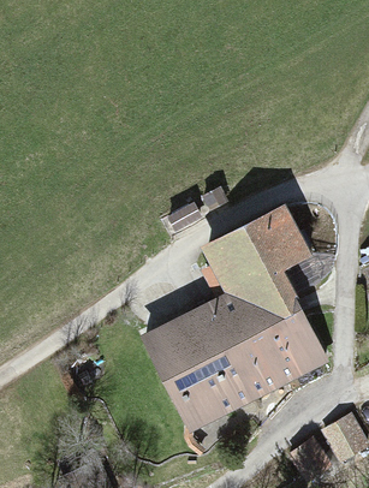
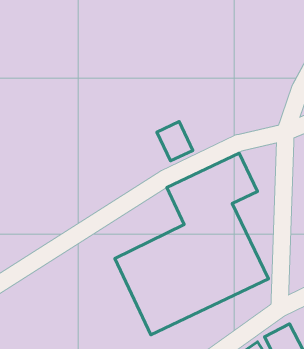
building: none -> [157,122,193,161]

